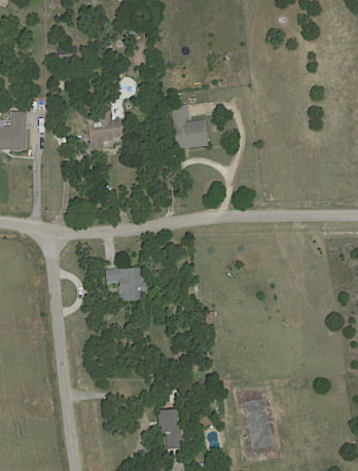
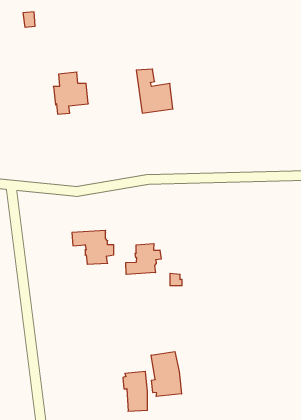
building: none -> [126,244,161,274]
building: none -> [151,352,181,396]

